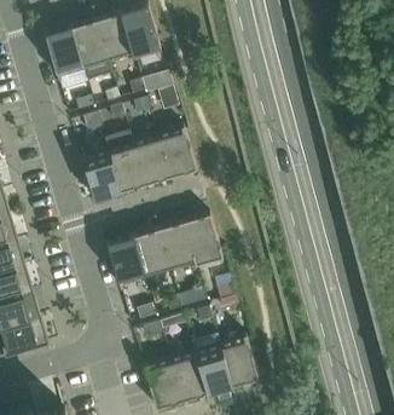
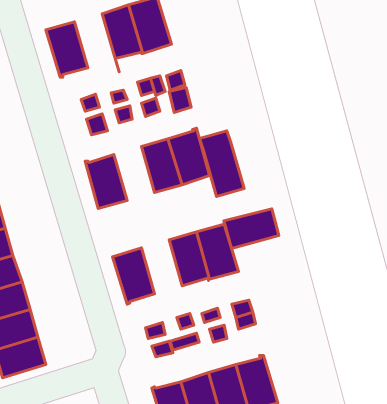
building: [71,19,112,80] -> none
building: [104,131,145,191] -> [199,131,244,196]
building: none -> [224,209,279,249]
building: [133,227,170,277] -> none

